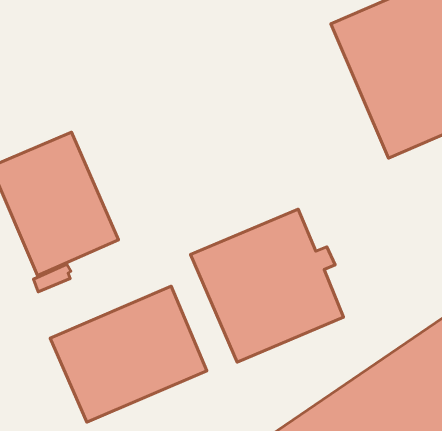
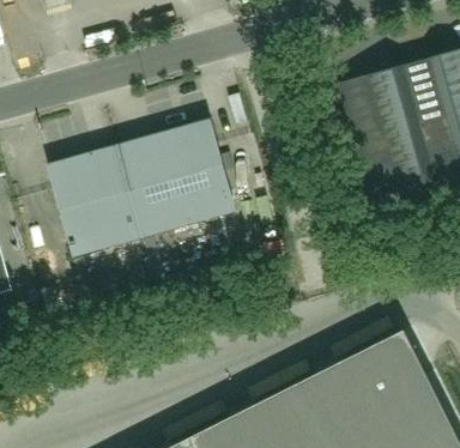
building: [190,209,344,362] -> [115,120,232,237]
building: [50,286,207,422] -> none

